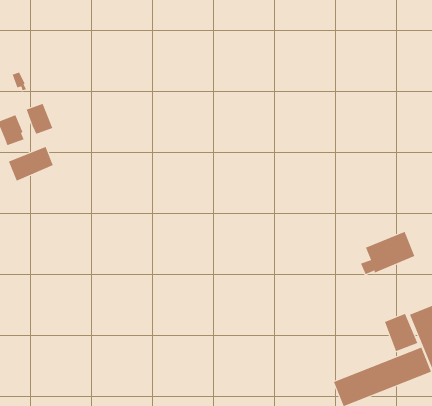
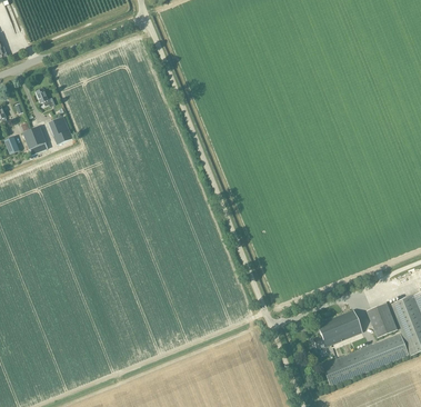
building: [8,146,53,181] -> none
building: [360,231,415,275] -> [313,309,362,348]

